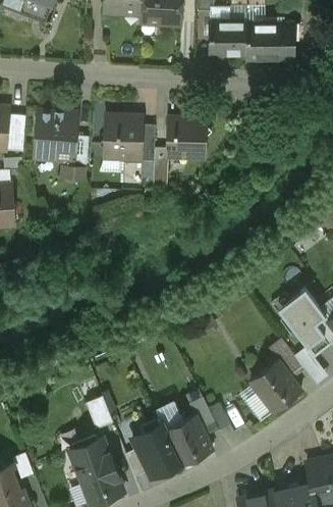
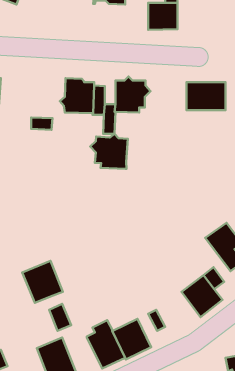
building: [245,23,294,58] -> [186,82,226,110]
building: [35,110,77,161] -> none
building: none -> [90,134,128,169]
building: none -> [22,261,63,303]

